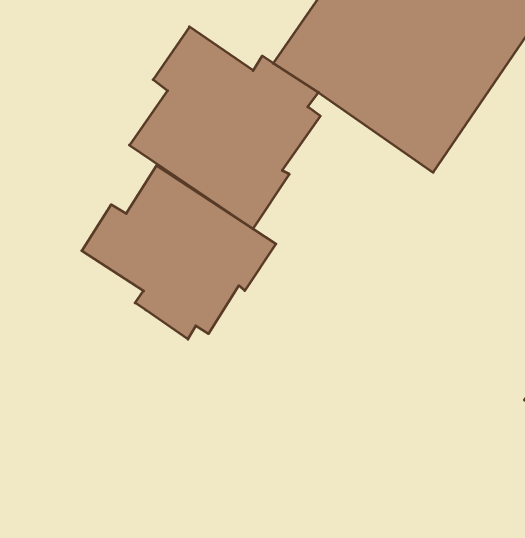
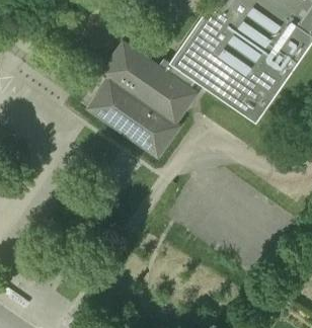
building: [82,165,276,339] -> none

